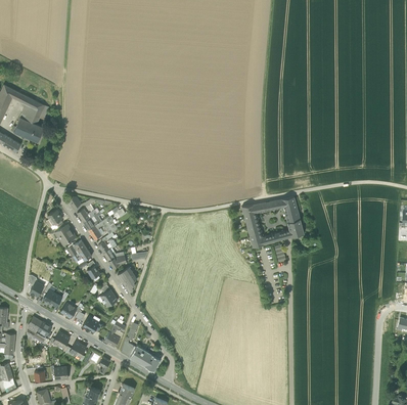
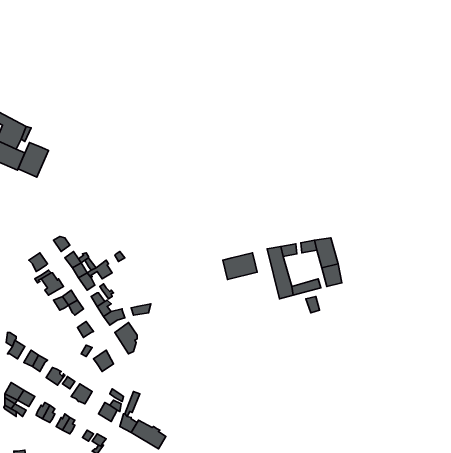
building: none -> [18,142,48,177]
building: none -> [223,253,257,280]

